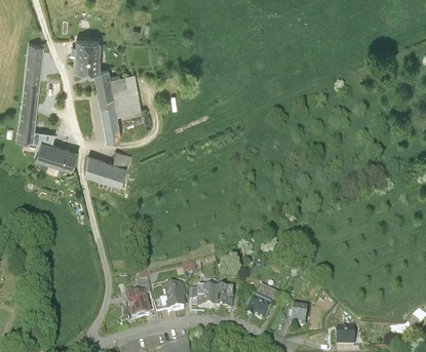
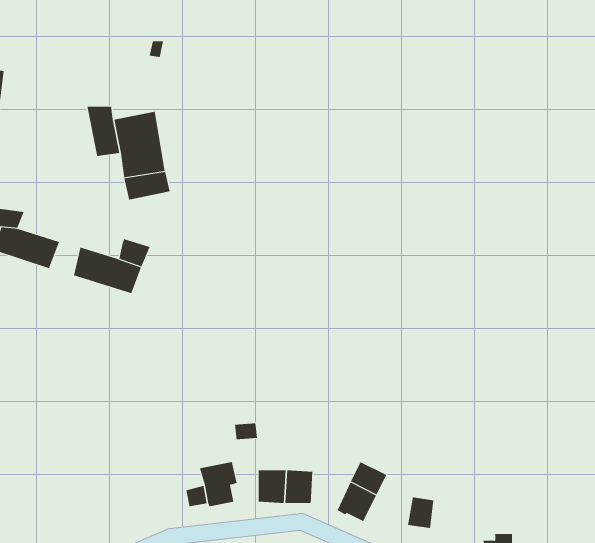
building: [74,37,98,66] -> none
building: [99,94,120,135] -> none
building: [127,282,148,315] -> none

